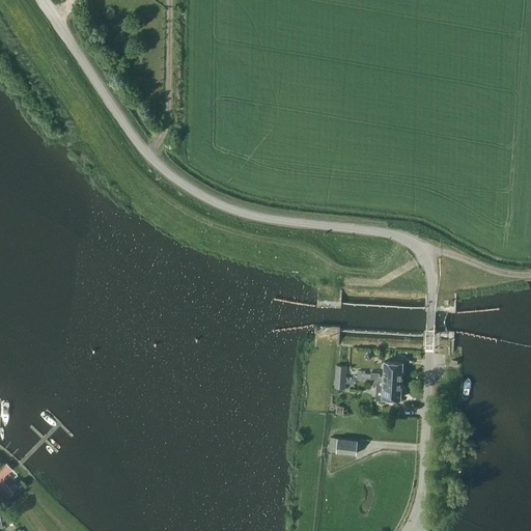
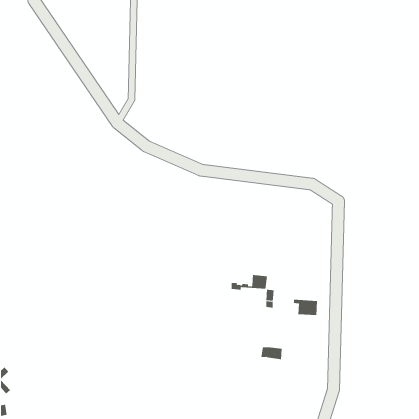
building: [358,362,404,382] -> [231,274,268,290]

